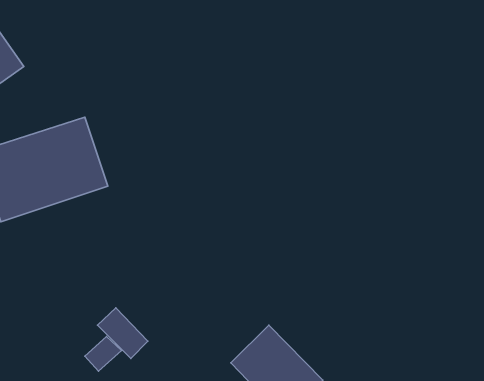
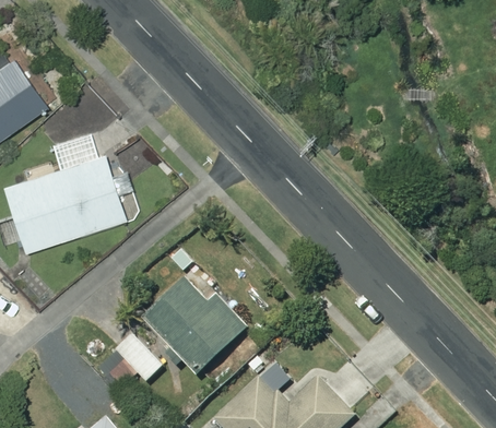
building: none -> [142,278,248,378]

